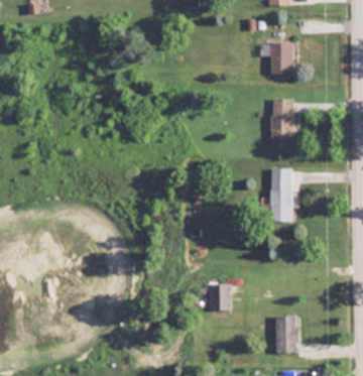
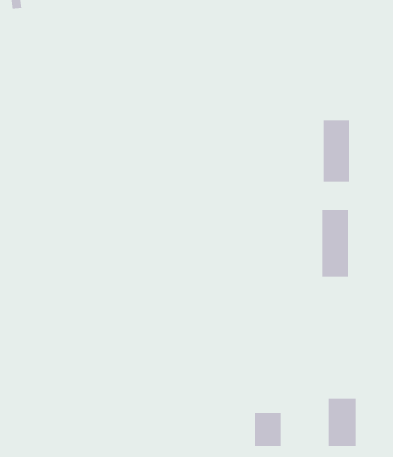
building: [271,42,293,75] -> none
building: [210,283,231,309] -> [254,413,281,446]

